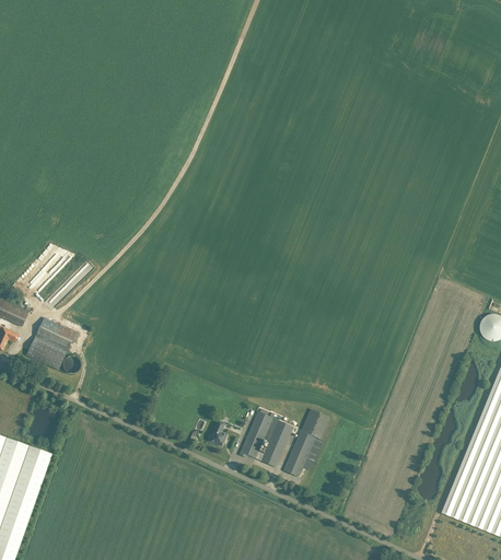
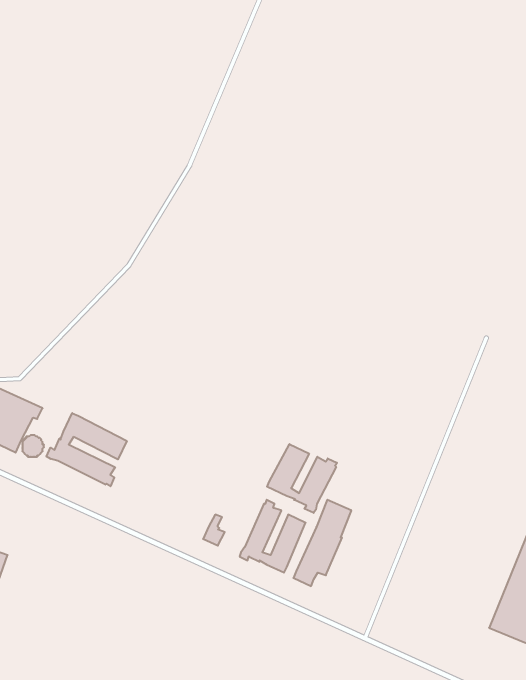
building: none -> [46,413,127,486]
building: none -> [267,444,337,513]

